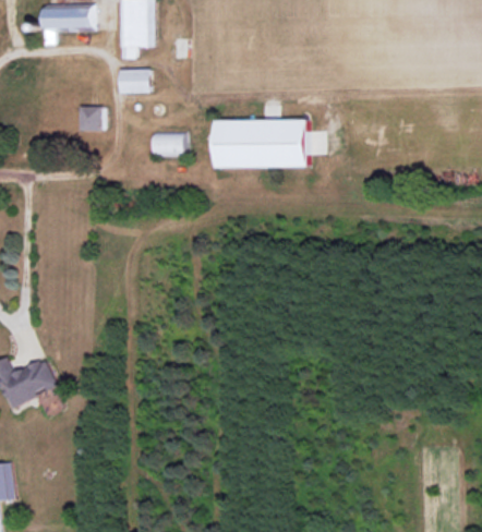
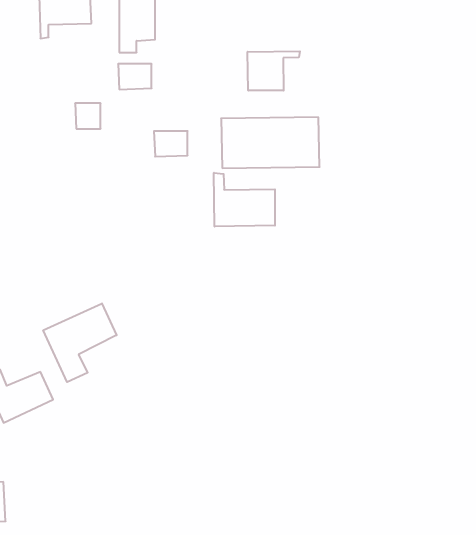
building: none -> [248,51,300,91]
building: none -> [214,173,275,227]
building: none -> [43,303,117,382]

